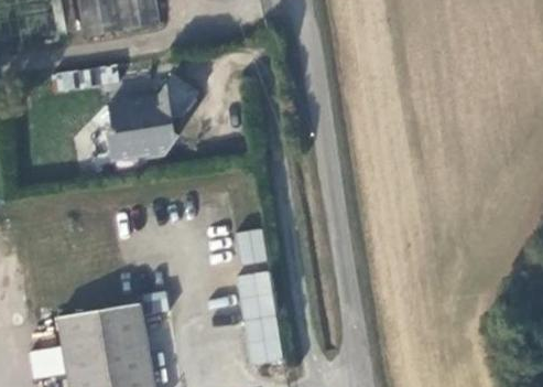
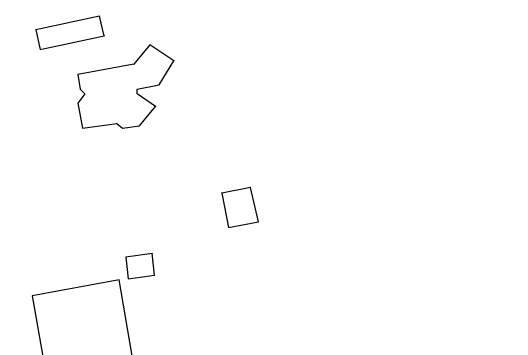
building: [240,260,287,356] -> none

